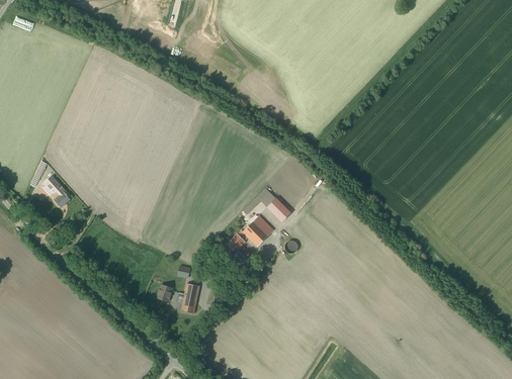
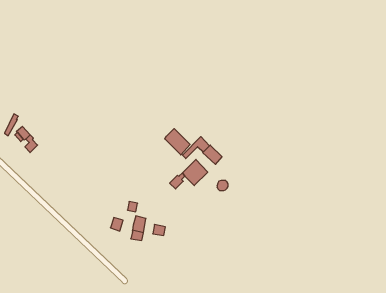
building: none -> [165,129,190,155]

